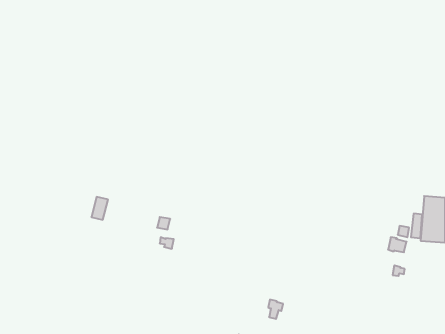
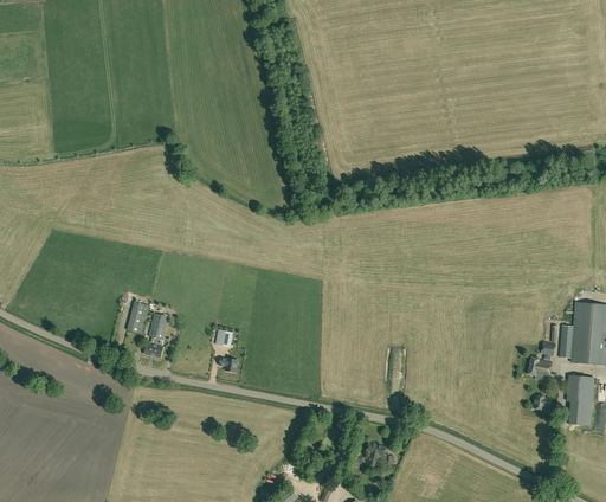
building: none -> [144,313,169,356]
building: none -> [566,374,594,425]

